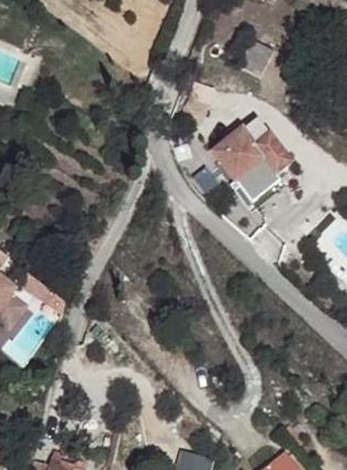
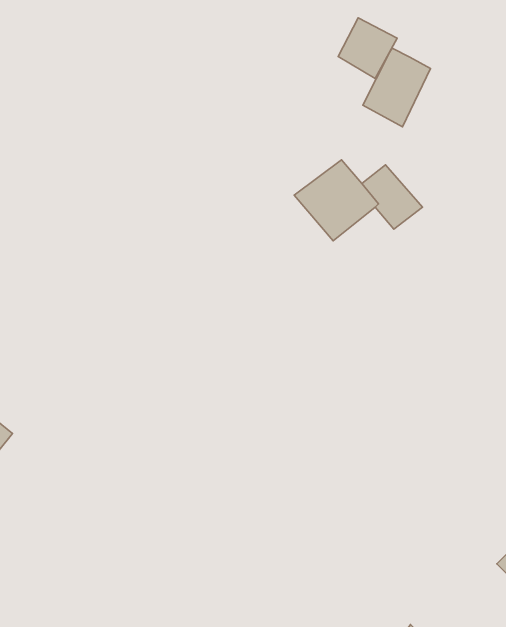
building: none -> [363,48,430,127]

